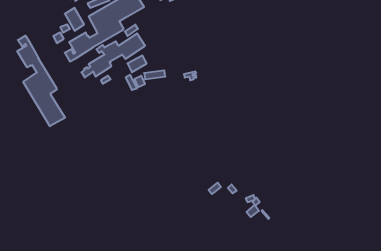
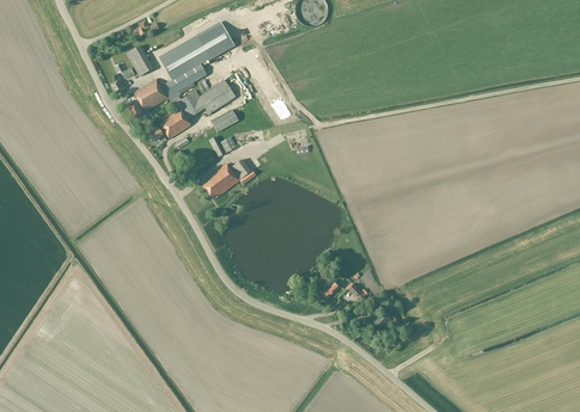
building: [17,36,65,126] -> none
building: none -> [203,159,256,198]

